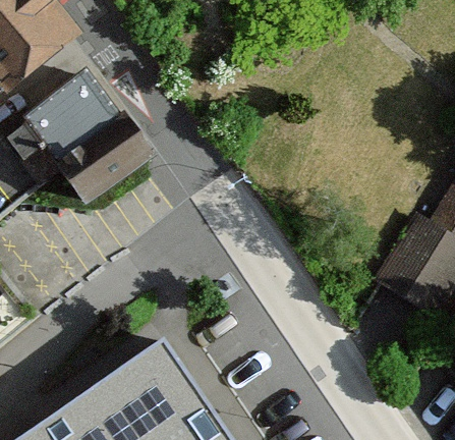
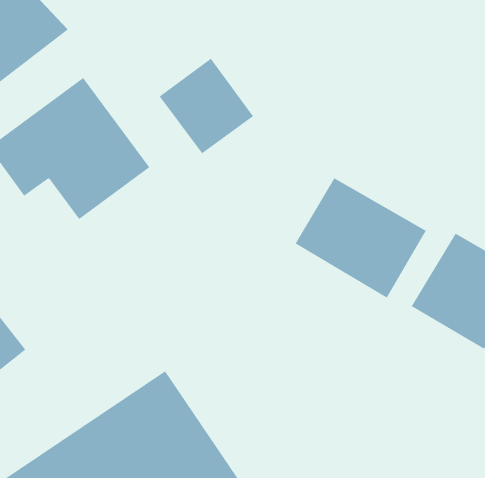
building: none -> [159,58,254,154]
building: none -> [295,177,426,298]

